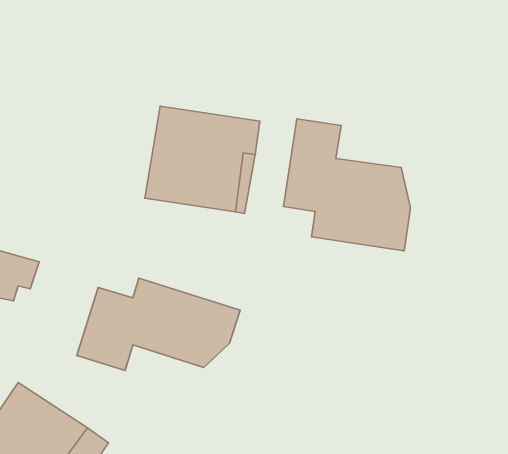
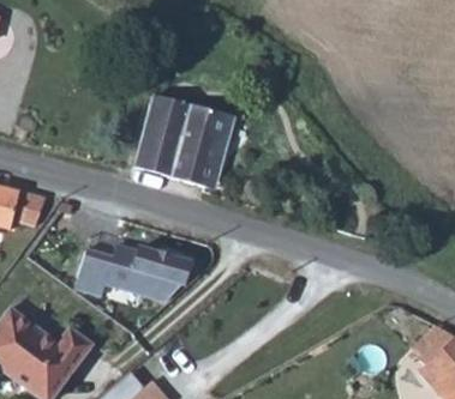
building: [284,119,411,251] -> none

